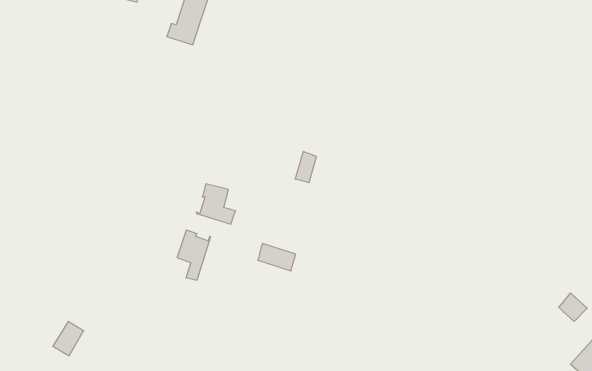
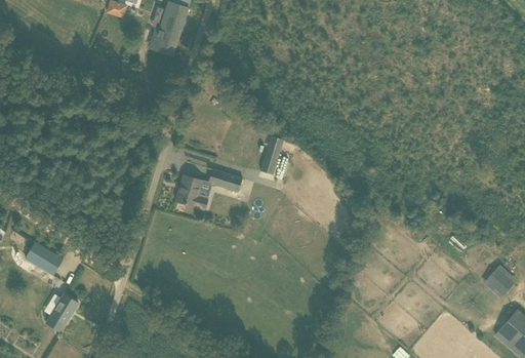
building: [177,230,210,280] -> none
building: [258,244,296,271] -> [208,168,241,192]
building: none -> [25,241,62,275]

